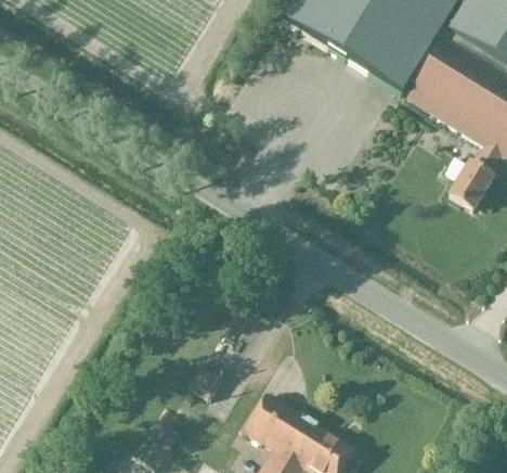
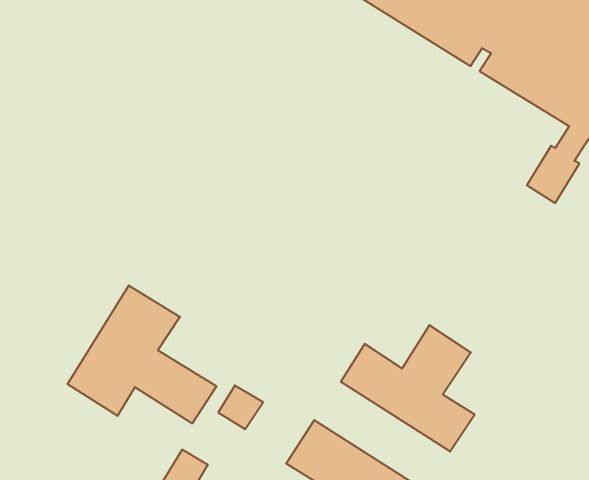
building: none -> [68,285,216,424]
building: none -> [341,325,475,452]

